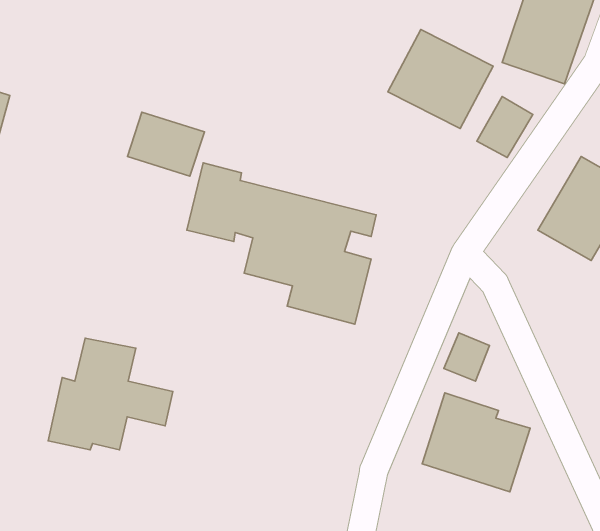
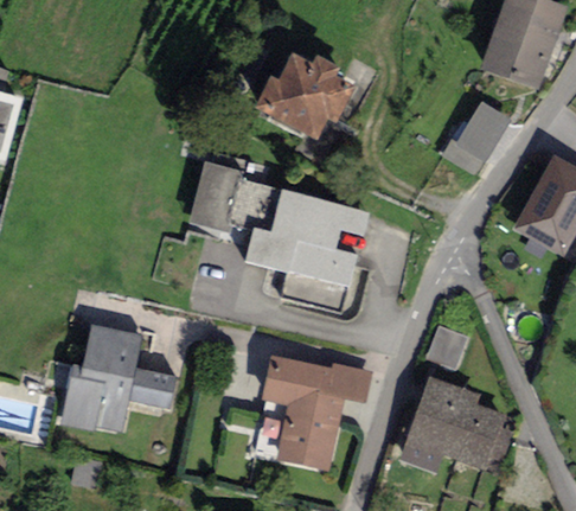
building: [388,29,493,129] -> [257,52,356,145]
building: [127,112,204,176] -> none
building: none -> [261,356,372,468]

